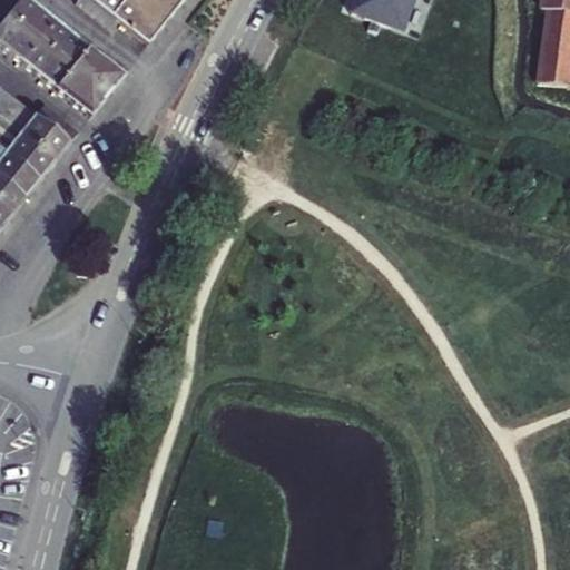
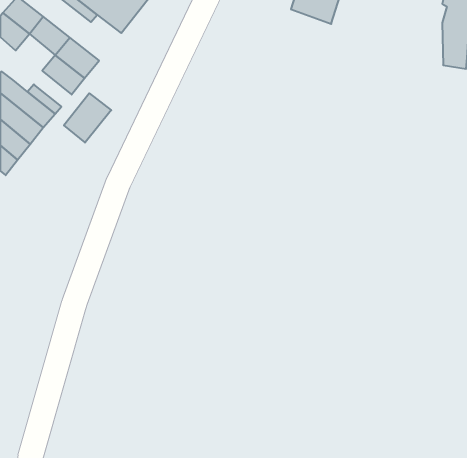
building: [21,41,69,86] -> none
building: none -> [64,93,111,143]

